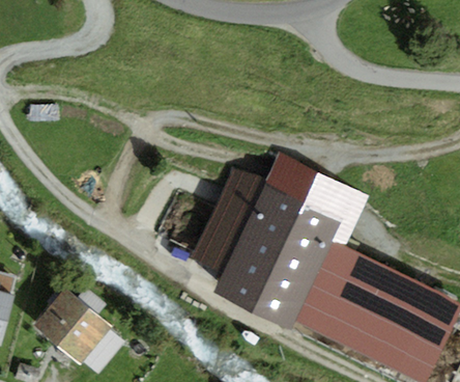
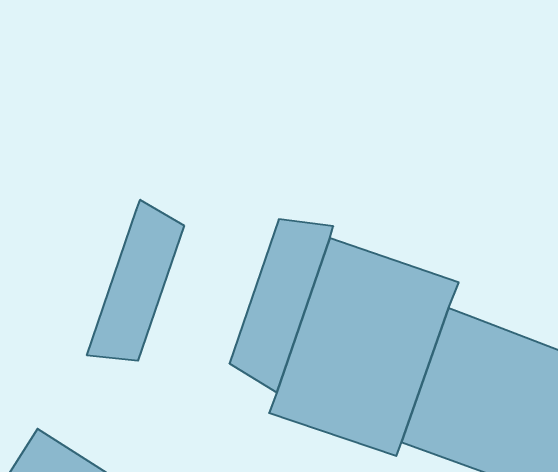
building: none -> [87,200,184,361]
building: [262,153,369,245] -> none

